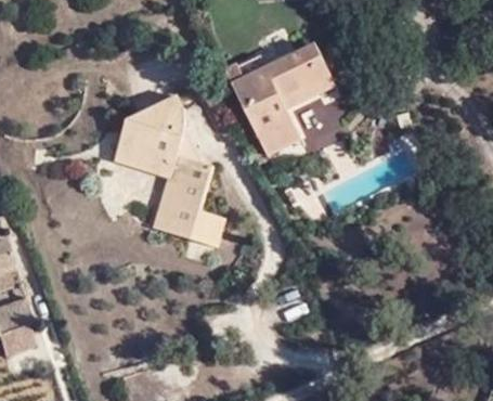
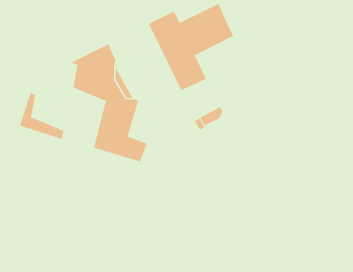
building: [114,118,171,178] -> [19,92,65,140]

